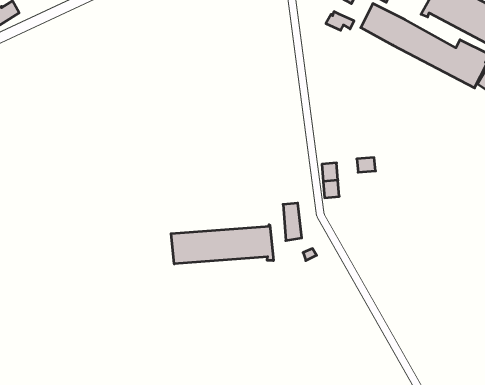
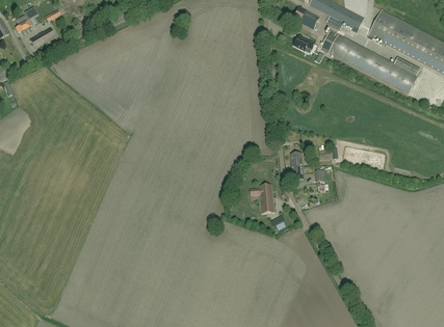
building: [171,225,273,264] -> none

